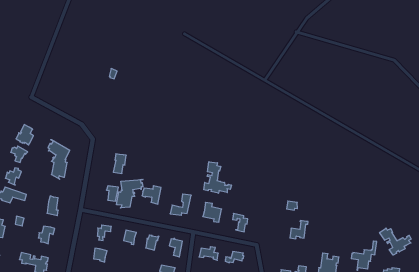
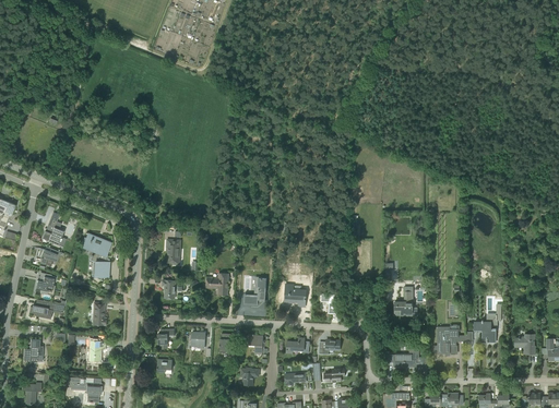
building: [204,162,231,193] -> none
building: [116,179,143,208] -> none
building: [380,228,411,255] -> none

